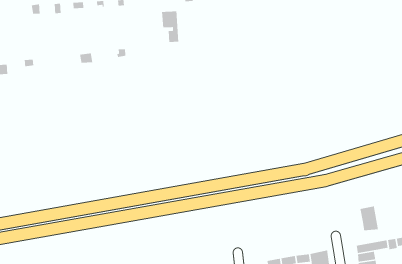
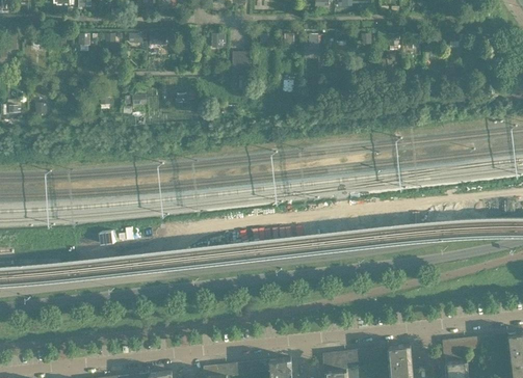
building: [360,205,379,231] -> none

